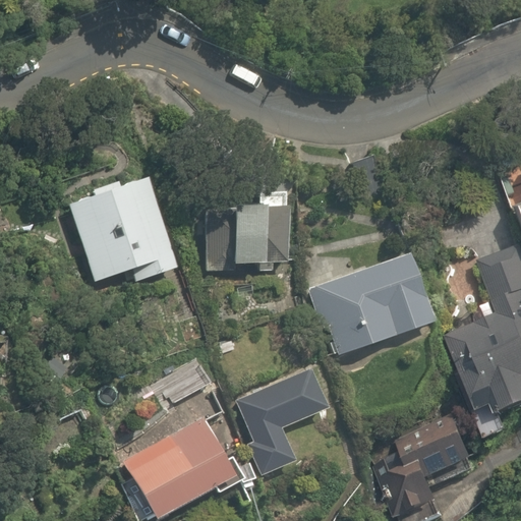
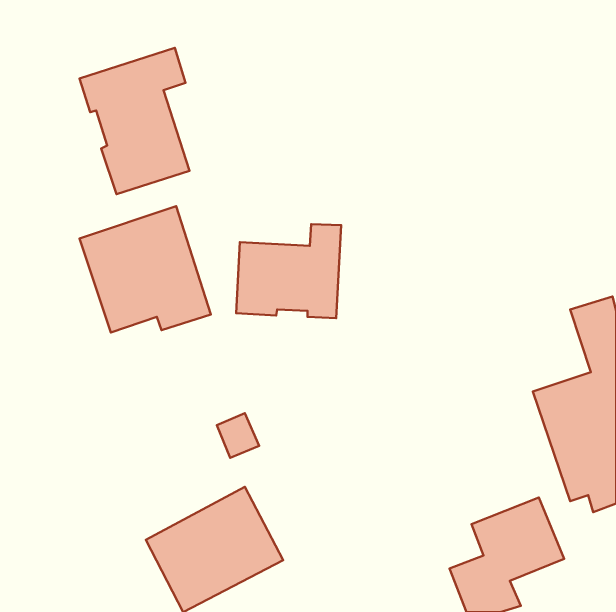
building: none -> [80,48,190,194]
building: [306,255,431,360] -> none
building: [237,365,327,472] -> none

